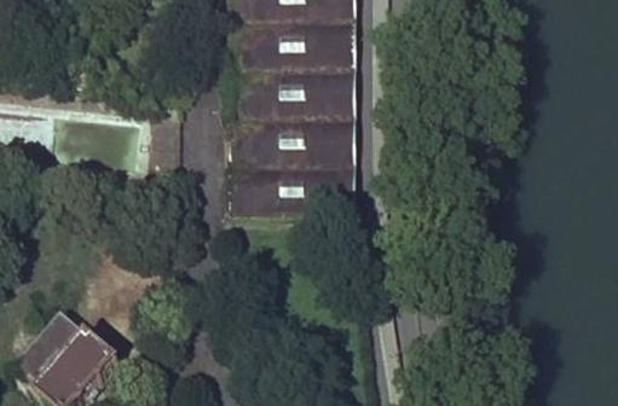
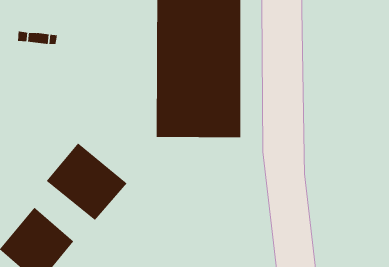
building: none -> [46,143,127,221]

